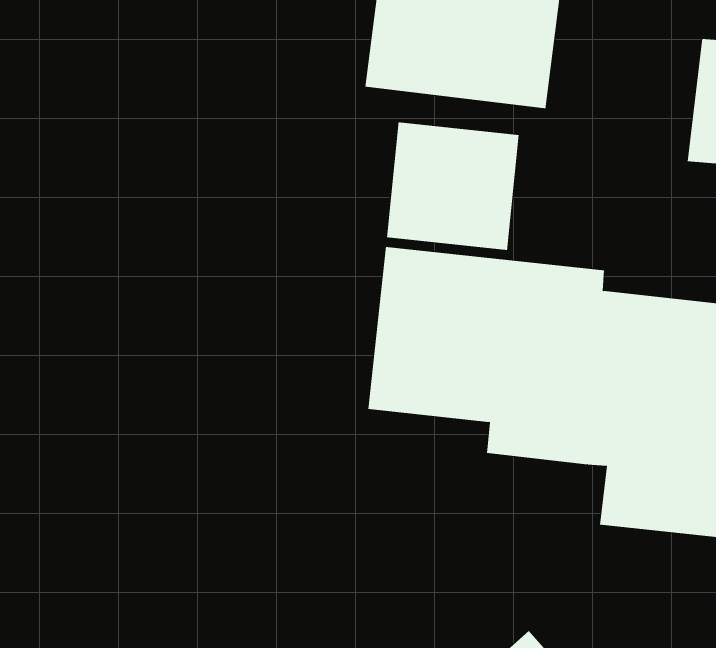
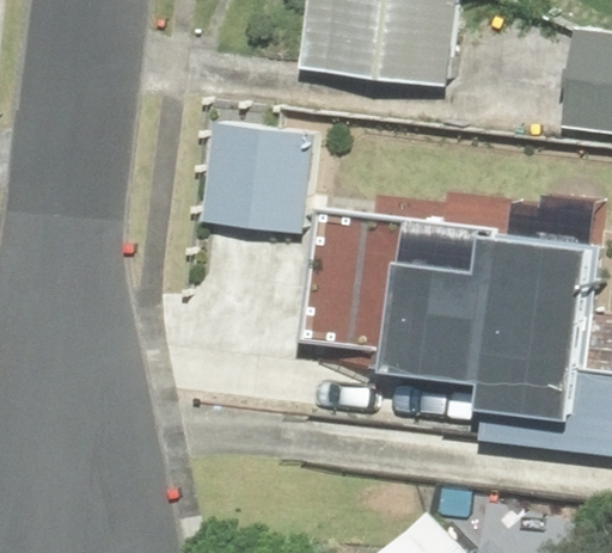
building: [386,122,519,251] -> [198,122,307,227]

